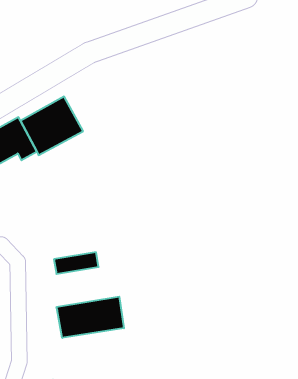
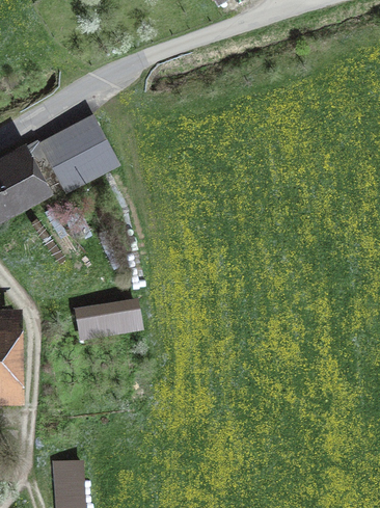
building: [57,297,124,338] -> none

